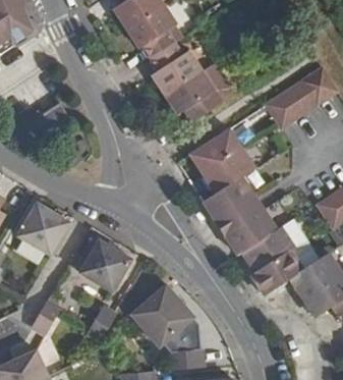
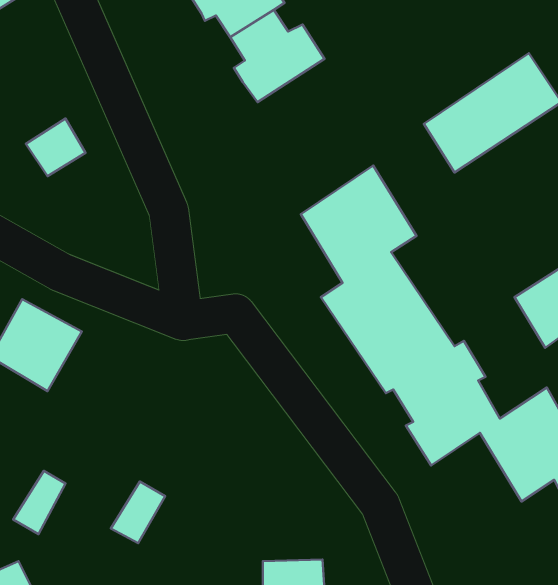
building: [167,57,240,119] -> none
building: [78,236,131,291] -> none
building: [131,280,195,344] -> none

